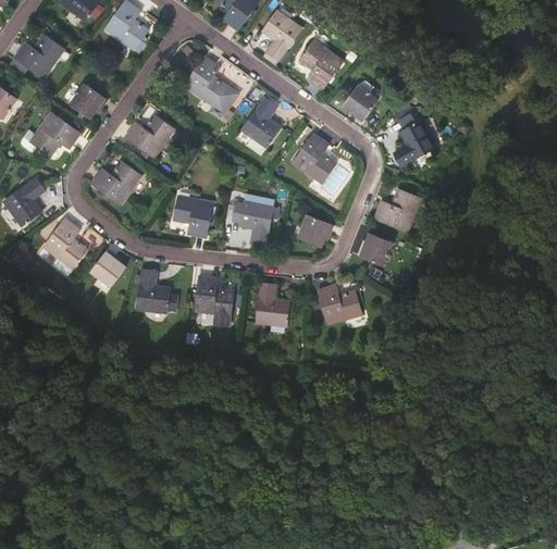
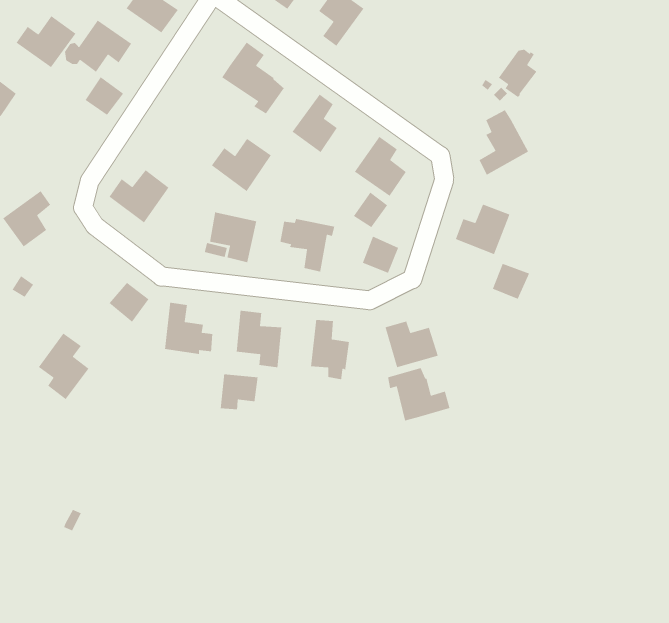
building: [299,40,343,90] -> none
building: [345,82,377,122] -> [498,49,538,98]
building: [24,112,79,155] -> [64,20,132,73]
building: [125,113,175,158] -> [211,138,272,192]
building: none -> [353,191,388,228]
building: [45,219,87,274] -> [38,333,90,400]
building: [361,234,393,264] -> [492,263,530,300]
building: none -> [387,367,450,421]
building: none -> [220,374,259,410]

